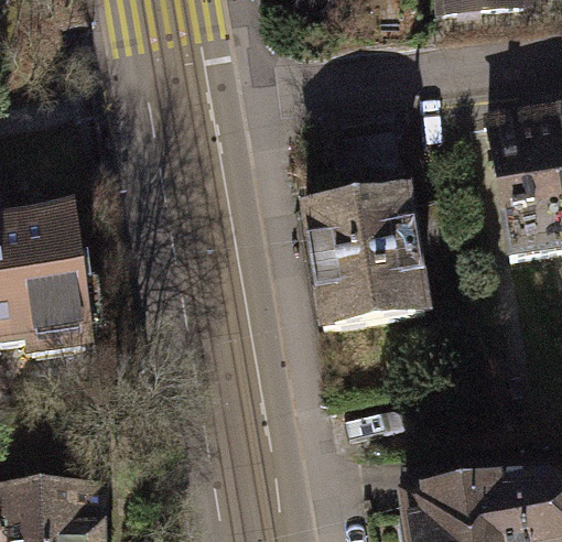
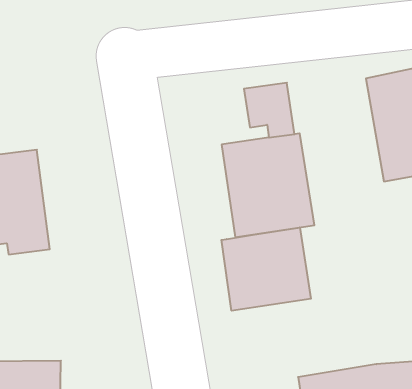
building: none -> [221,227,311,311]

